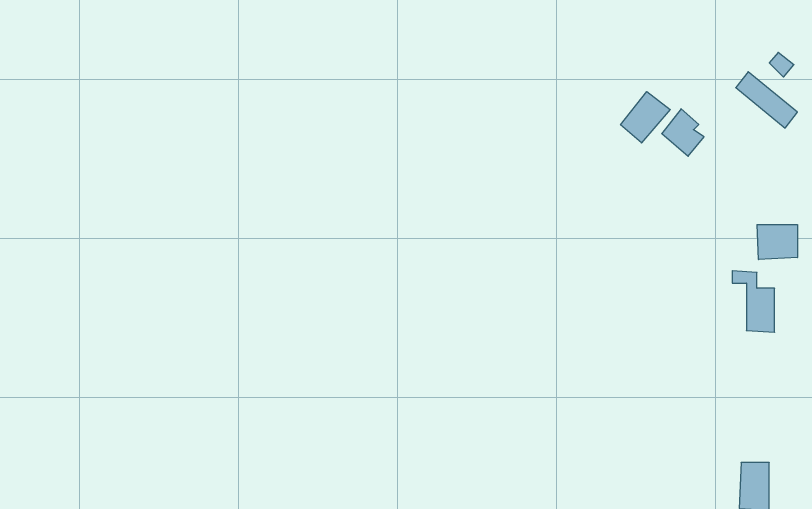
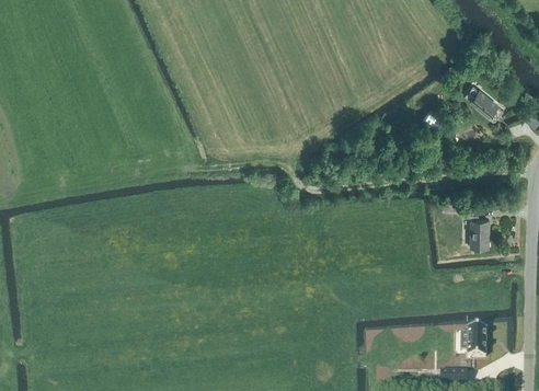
building: [621,92,670,143] -> none
building: [757,225,797,260] -> none

